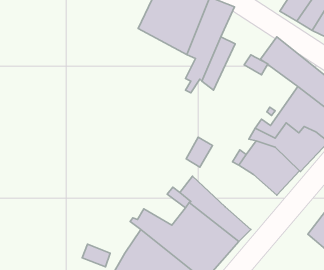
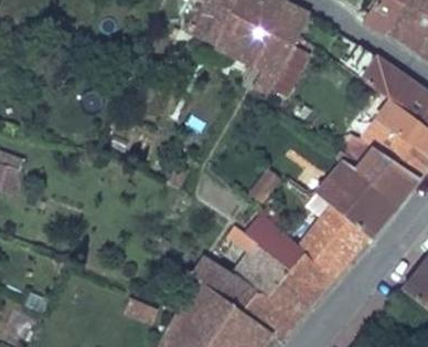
building: none -> [300,214,366,282]

